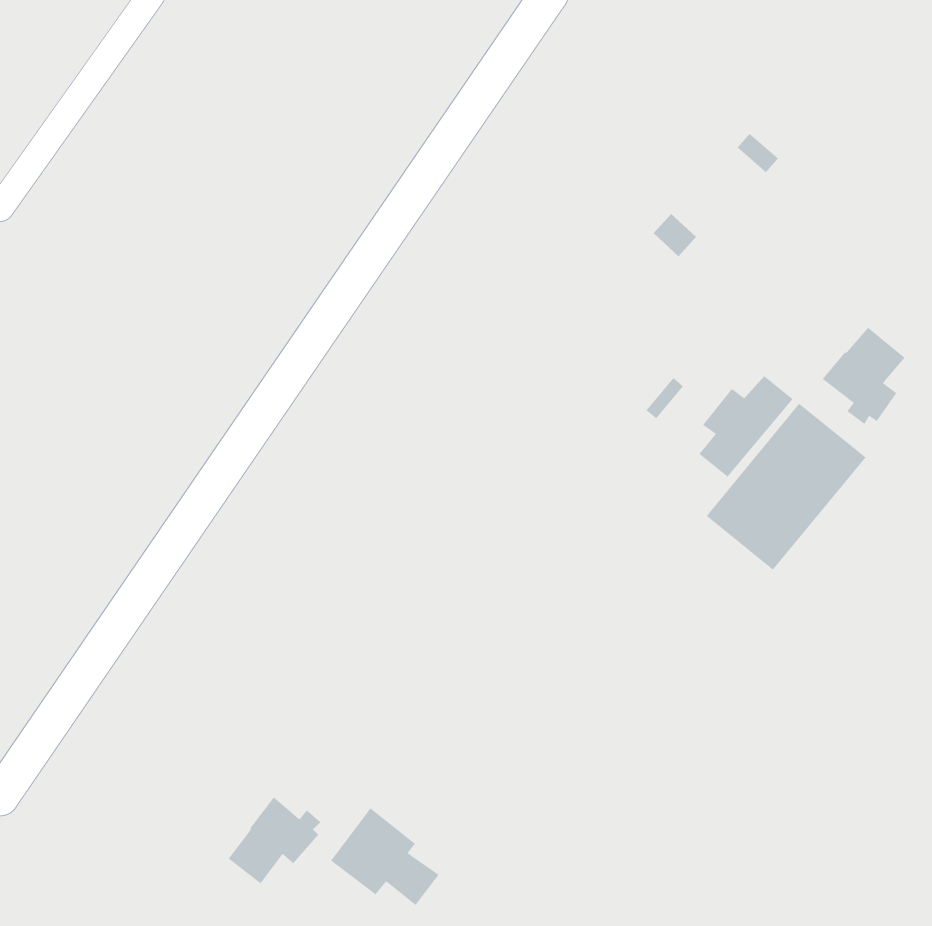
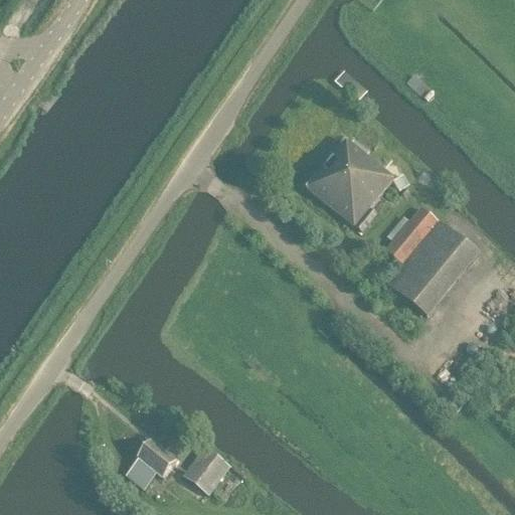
building: none -> [305,138,393,225]
building: [822,327,906,425] -> none

